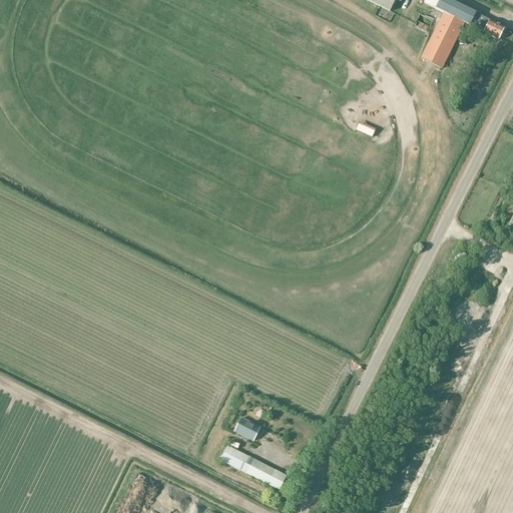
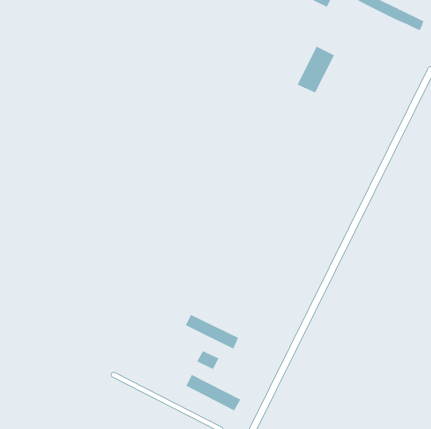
building: [420,10,465,66] -> [297,46,335,93]
building: none -> [185,314,239,349]

